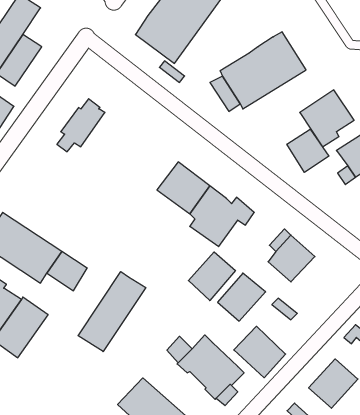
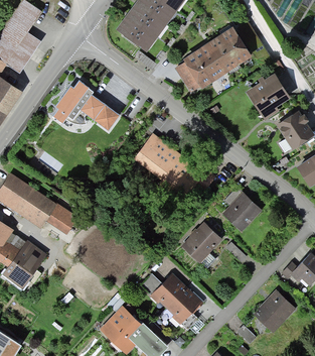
building: none -> [82,97,119,130]
building: [287,129,329,172] -> none
building: [188,252,235,301] -> none
building: [78,272,146,352] -> none
building: [234,326,286,378] -> none

